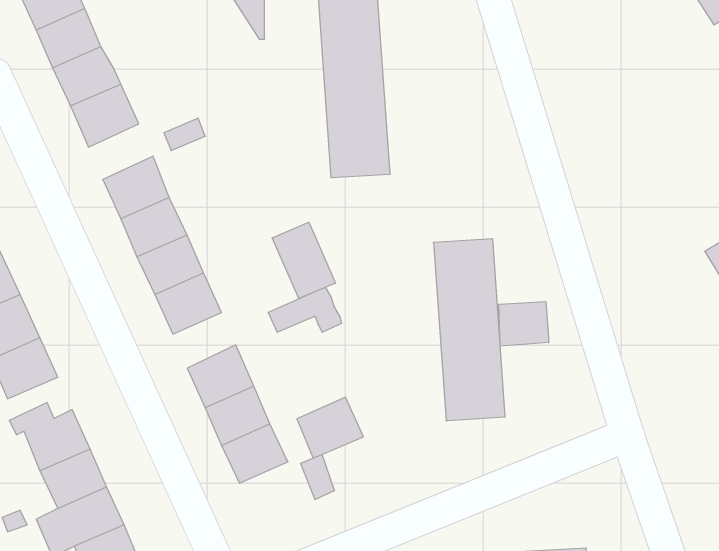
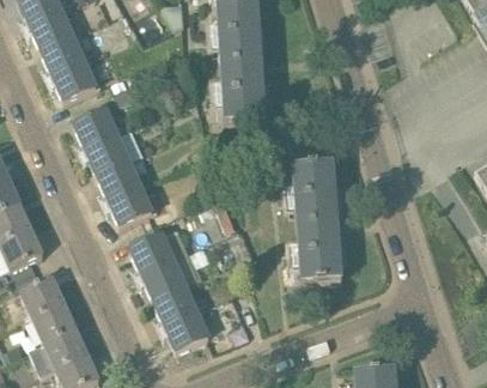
building: [272,222,335,299] -> none
building: [499,302,549,346] -> none
building: [297,397,363,458] -> [164,310,208,351]

